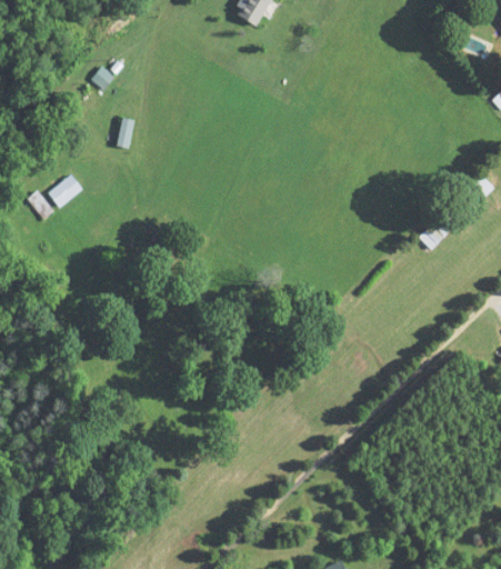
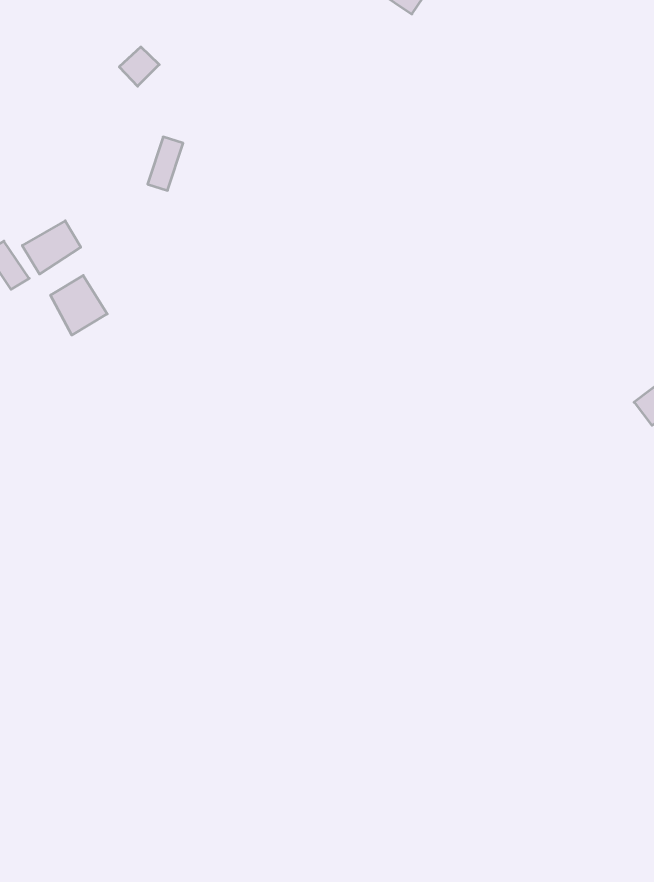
building: none -> [51,275,107,335]

